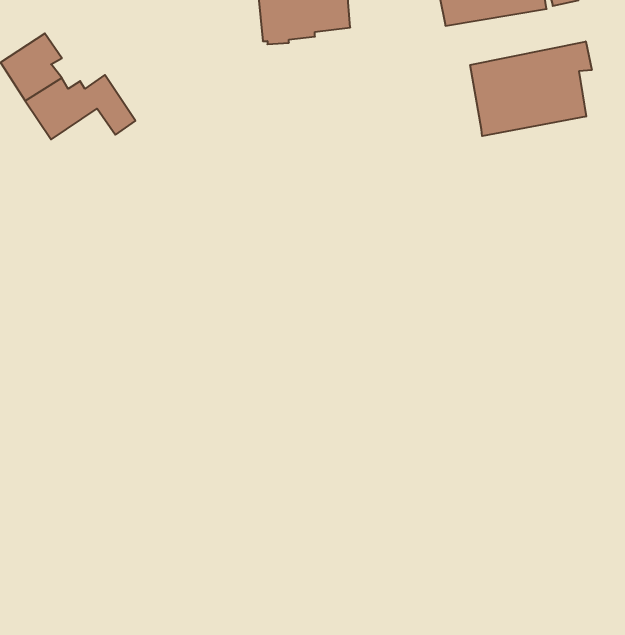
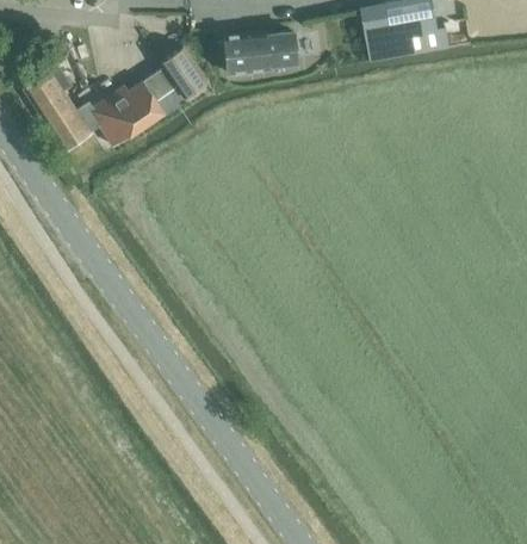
building: none -> [105,47,207,135]
building: [470,41,592,136] -> none

